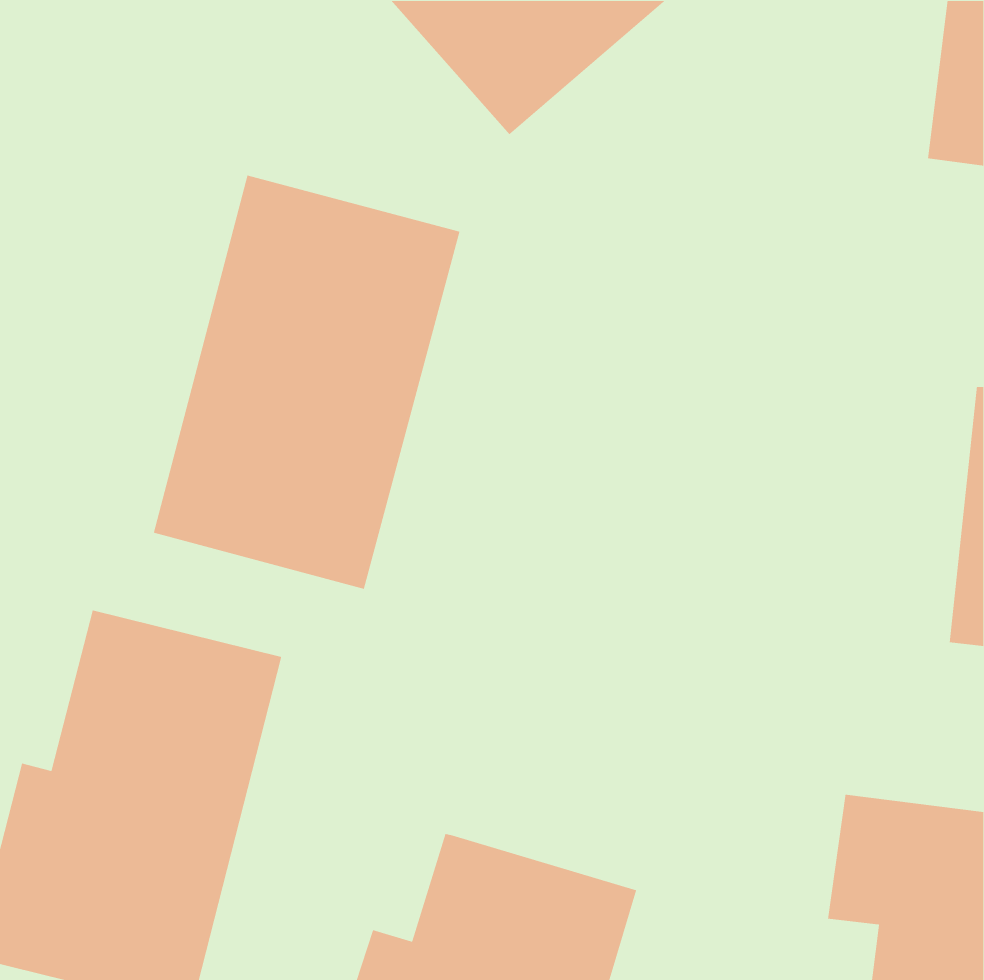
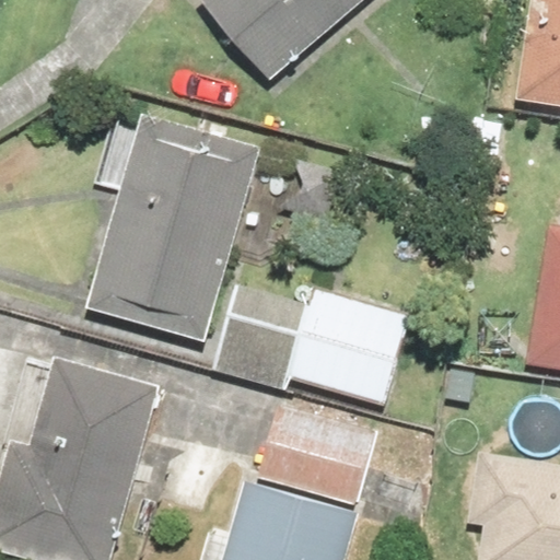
building: none -> [211,285,413,411]
building: none -> [253,404,377,509]

